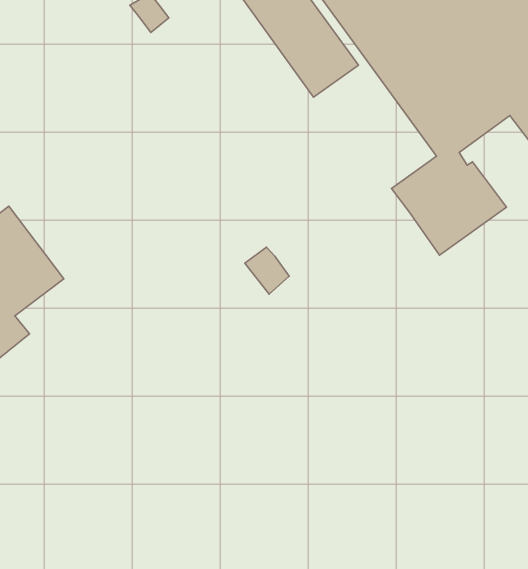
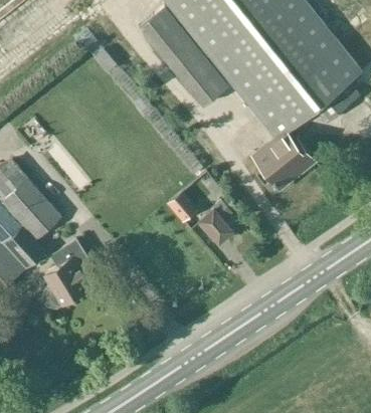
building: none -> [201,209,234,243]
building: none -> [42,238,91,306]

